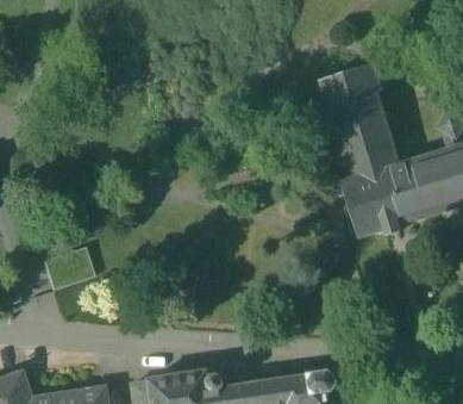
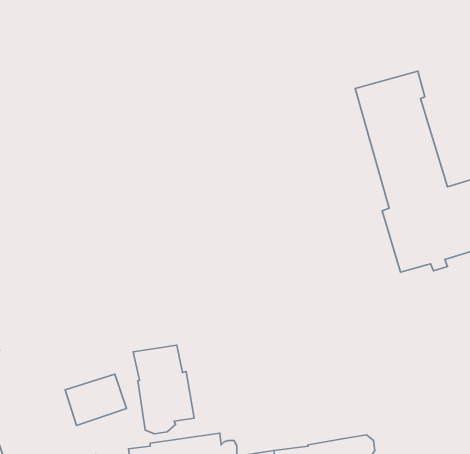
building: [43,245,94,288] -> [65,374,126,425]
building: none -> [133,345,194,434]

